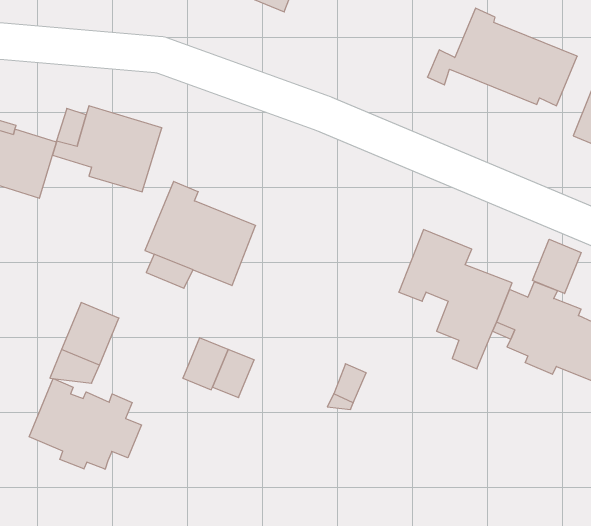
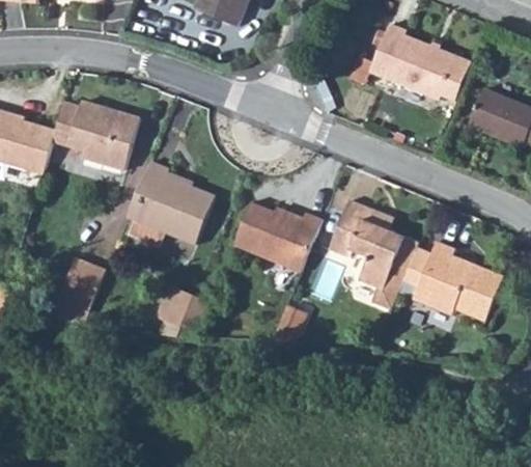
building: none -> [232,201,320,272]
building: [532,239,581,294] -> none
building: [29,379,142,469] -> none

